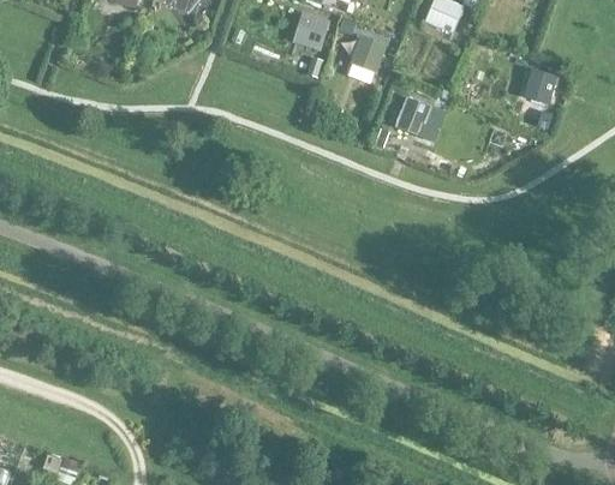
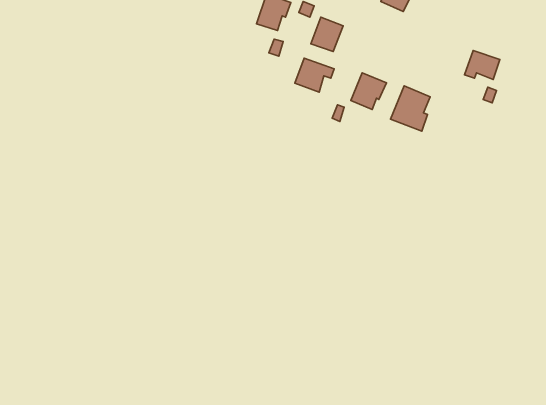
building: none -> [295,58,334,92]
building: none -> [390,86,430,131]

